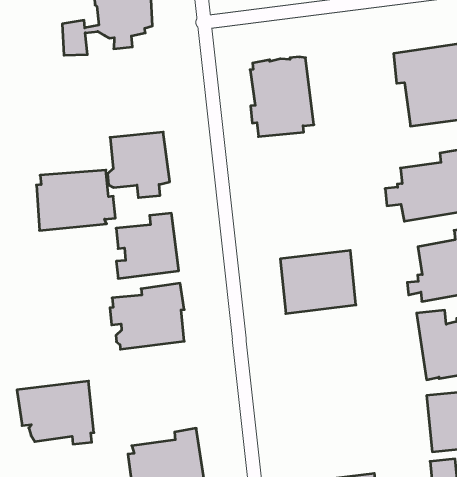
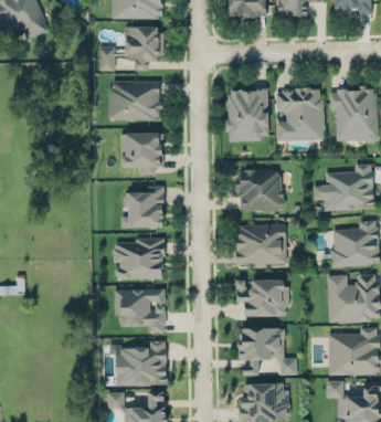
building: none -> [275,91,322,143]
building: [36,170,115,230] -> [108,81,162,119]
building: none -> [236,170,282,212]
building: none -> [235,277,288,316]
building: [17,381,94,444] -> [114,288,165,331]
building: none -> [237,325,297,376]

